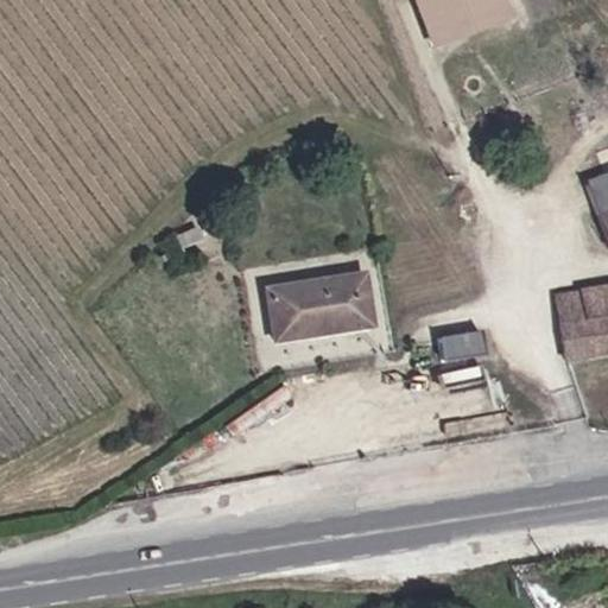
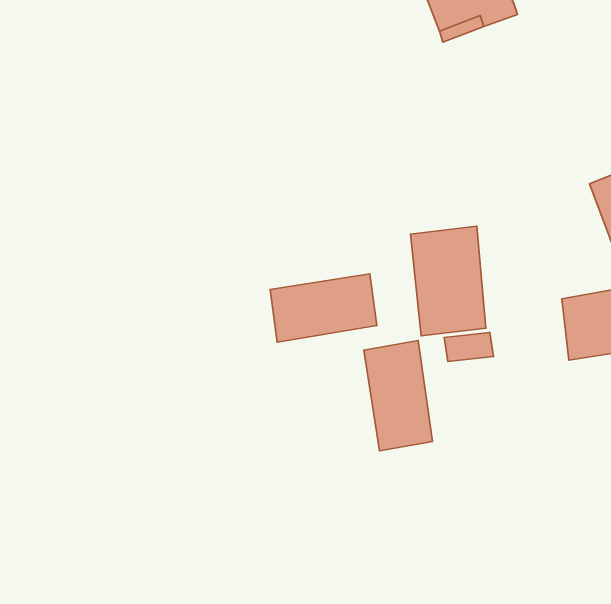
building: none -> [411,226,486,336]
building: none -> [364,341,433,451]

